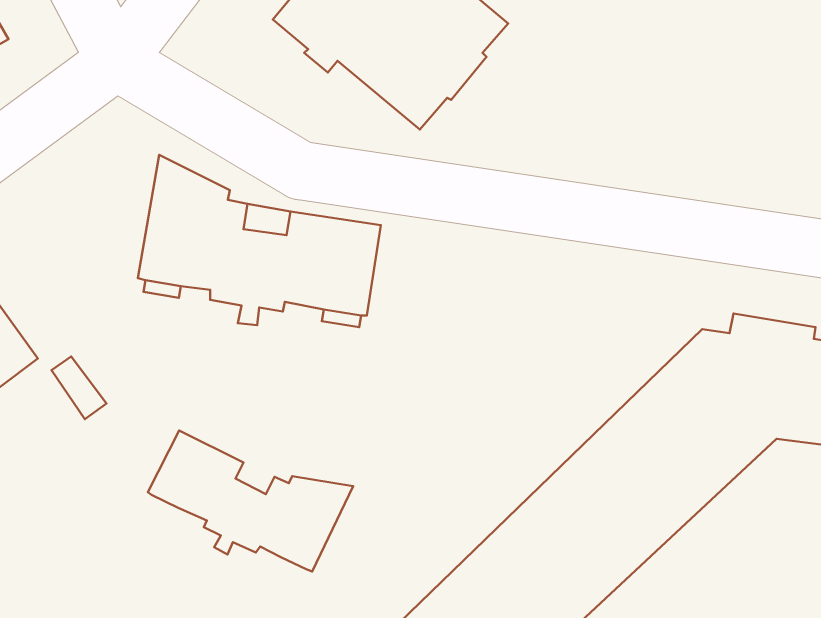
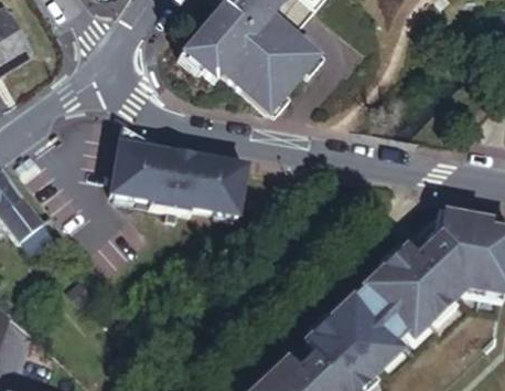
building: [148,431,353,571] -> none

